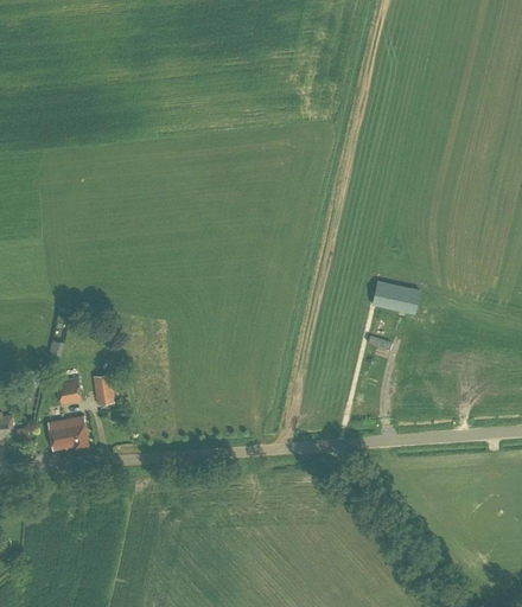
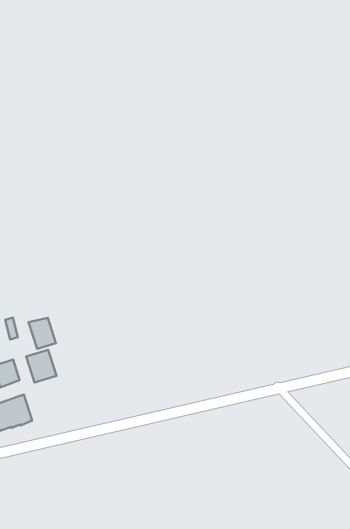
building: [373,282,419,314] -> none
building: none -> [28,318,56,349]

